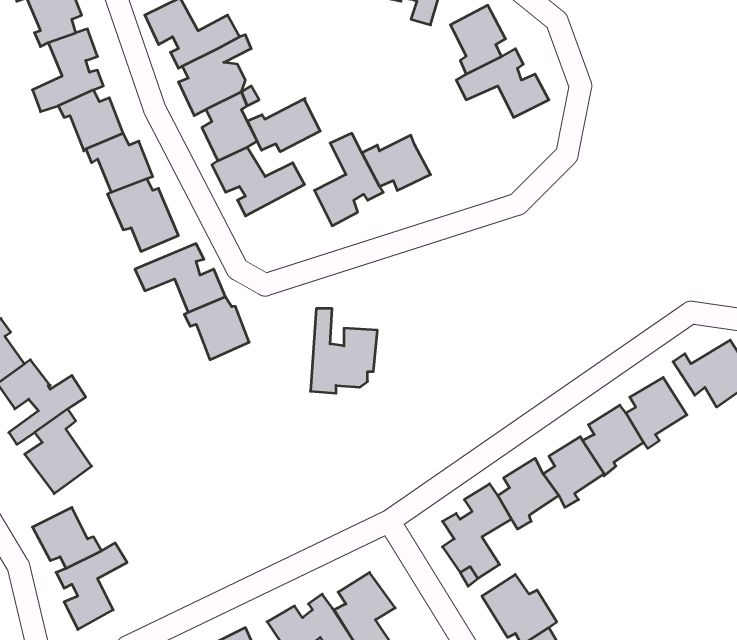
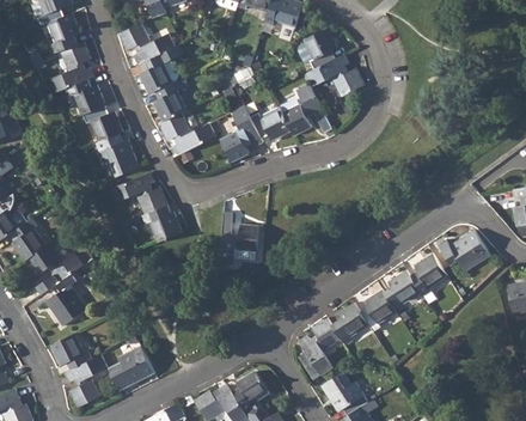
building: none -> [282,84,332,135]
building: [248,98,320,152] -> none
building: none -> [109,346,154,391]

